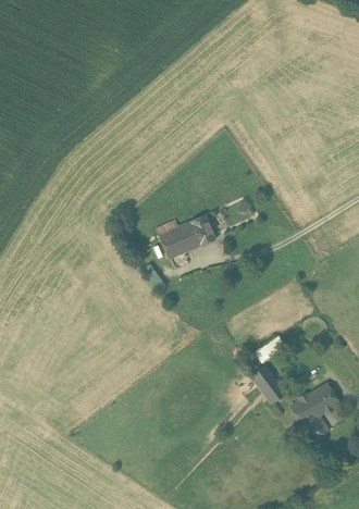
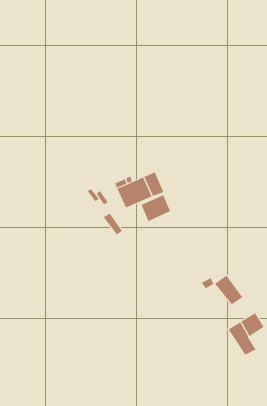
building: none -> [141,194,171,222]
building: [250,364,285,401] -> [214,275,243,305]

